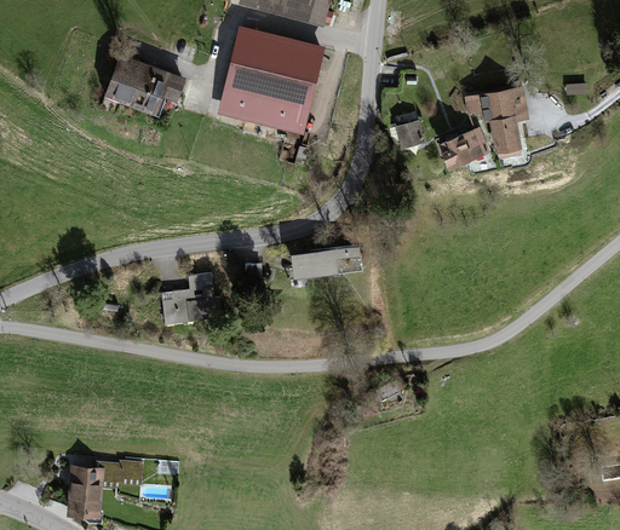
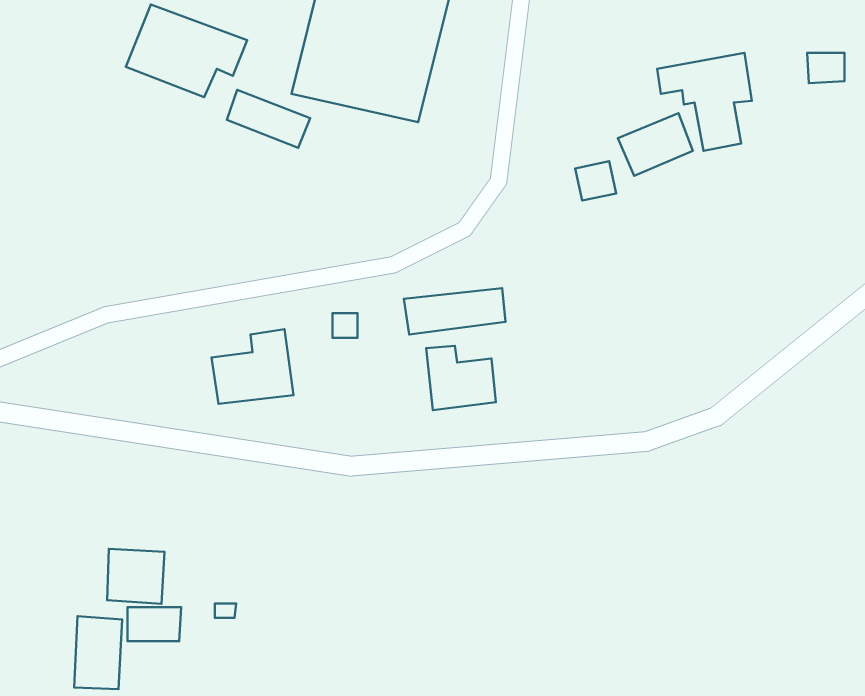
building: none -> [227,90,310,148]
building: [397,120,425,146] -> [575,161,616,201]
building: none -> [426,346,496,410]
building: none -> [107,549,164,604]

